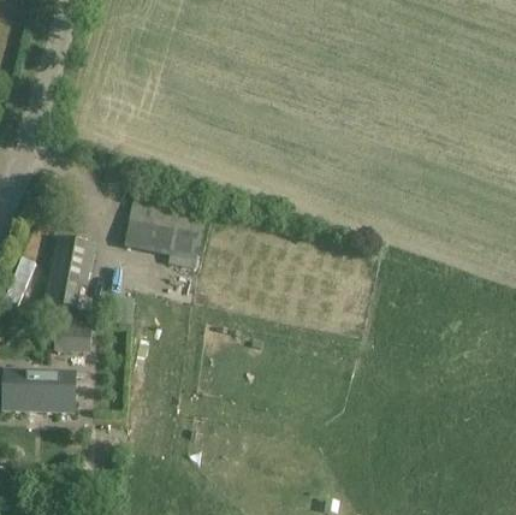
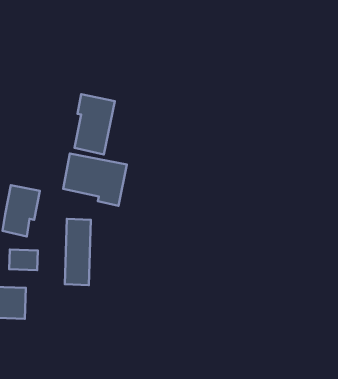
building: none -> [75,94,115,155]
building: none -> [65,219,91,285]

